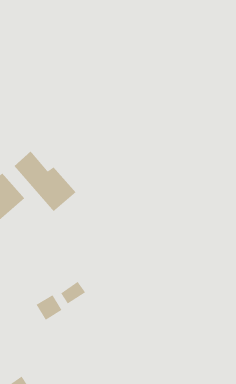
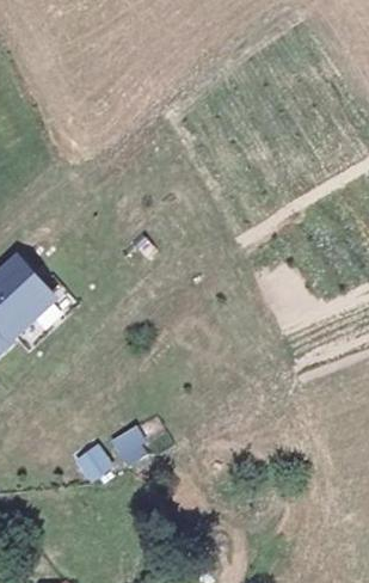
building: [14,151,76,212] -> none

